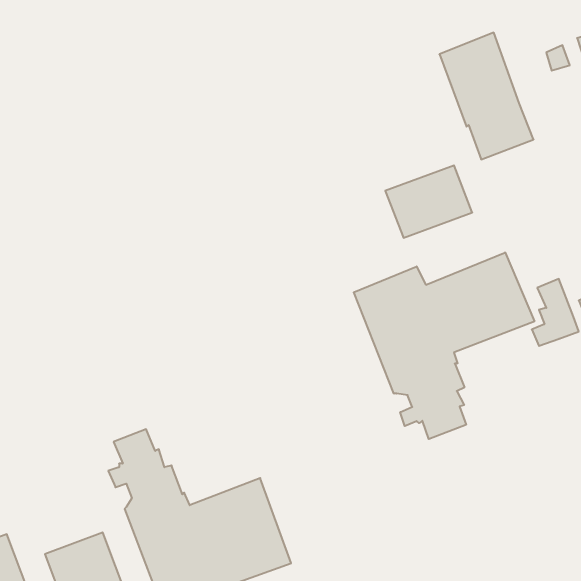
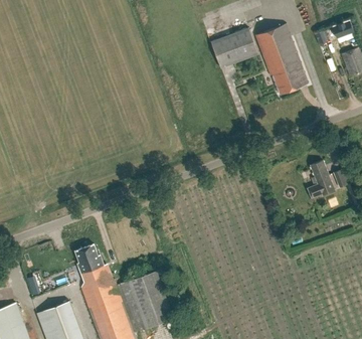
building: [385,165,472,238] -> [210,27,258,67]
building: [354,252,534,439] -> none

